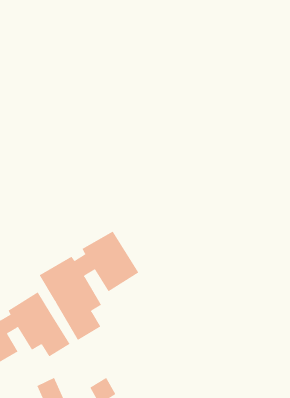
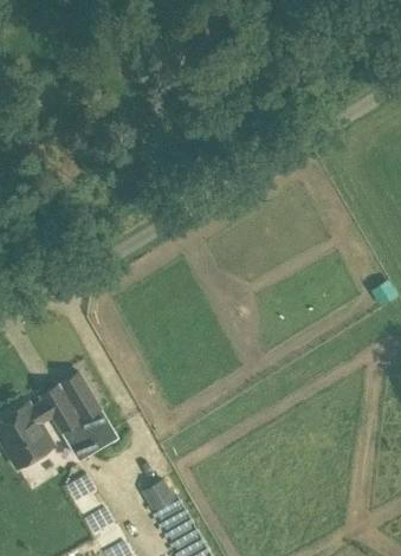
building: [39,231,139,341] -> none

